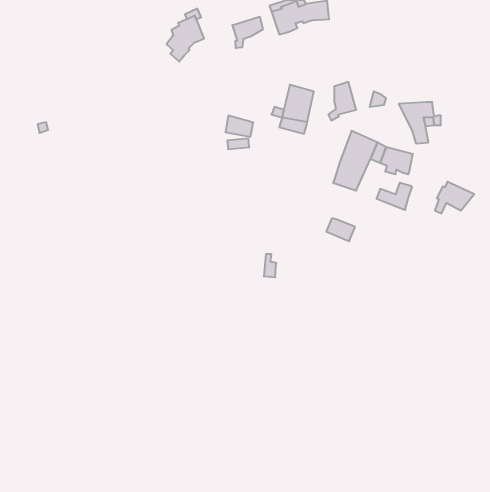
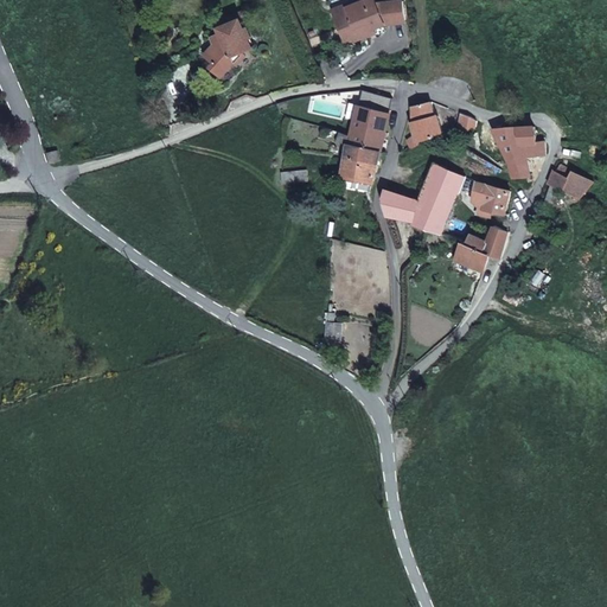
building: [232,17,263,48] -> none
building: [225,116,253,137] -> [340,156,375,183]
building: none -> [381,187,418,222]
building: [435,182,474,213] -> [543,165,592,204]
building: [326,218,355,241] -> [452,243,487,271]

